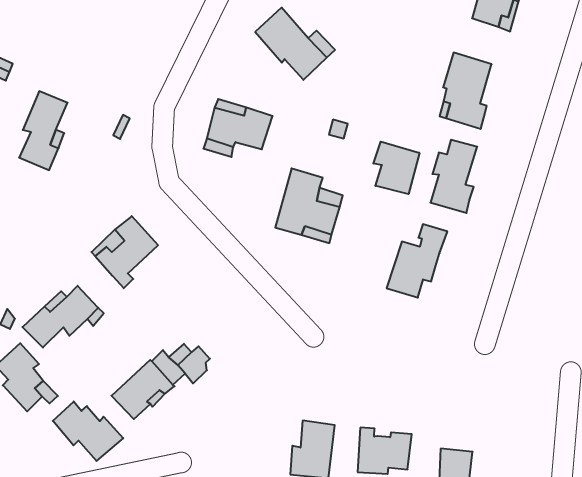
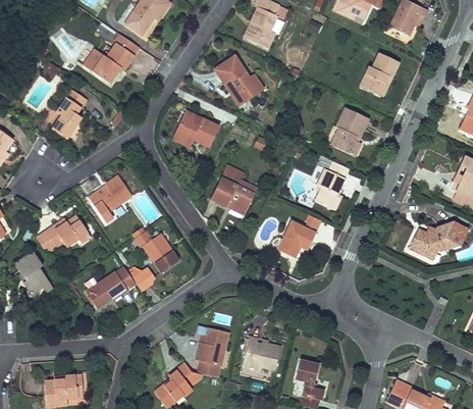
building: none -> [84,44,135,85]
building: [373,142,419,194] -> none
building: none -> [135,231,178,271]
building: [53,401,123,461] -> none

